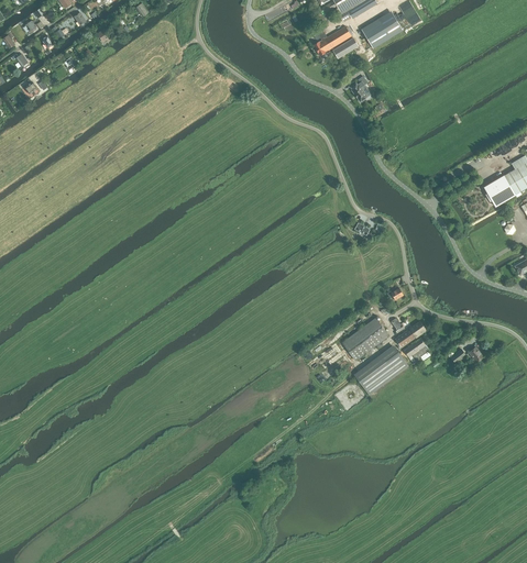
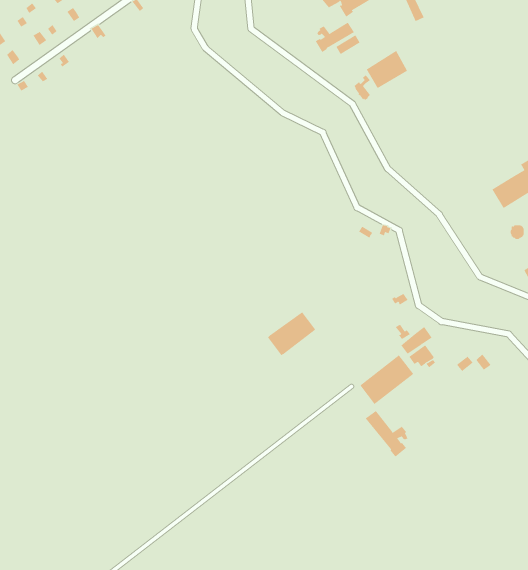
building: [362,9,403,46] -> [366,50,408,89]
building: [342,316,389,358] -> [267,311,316,356]
building: none -> [365,410,408,457]

